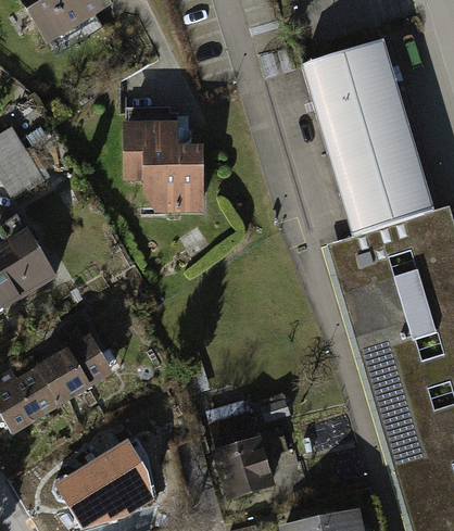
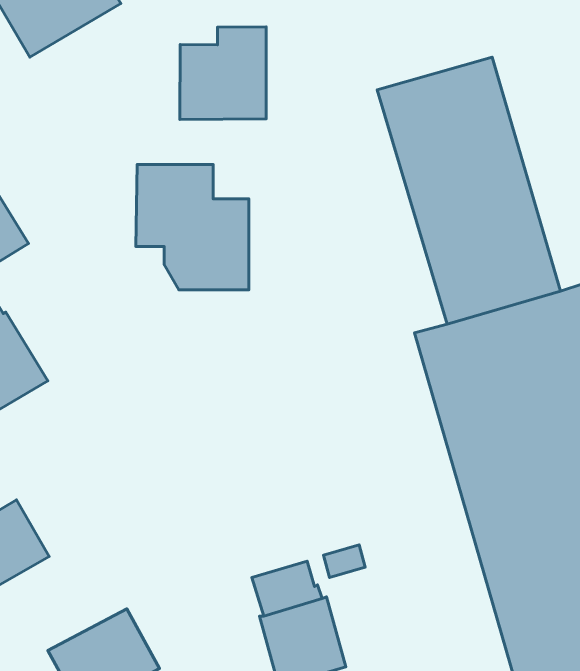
building: none -> [180,27,266,119]
building: [38,333,116,406] -> none

